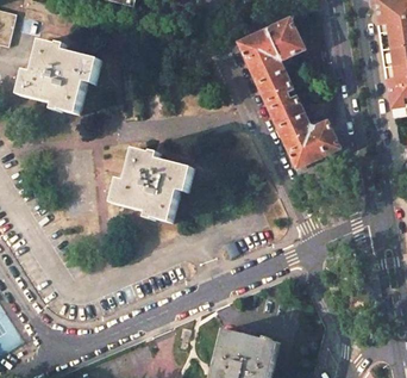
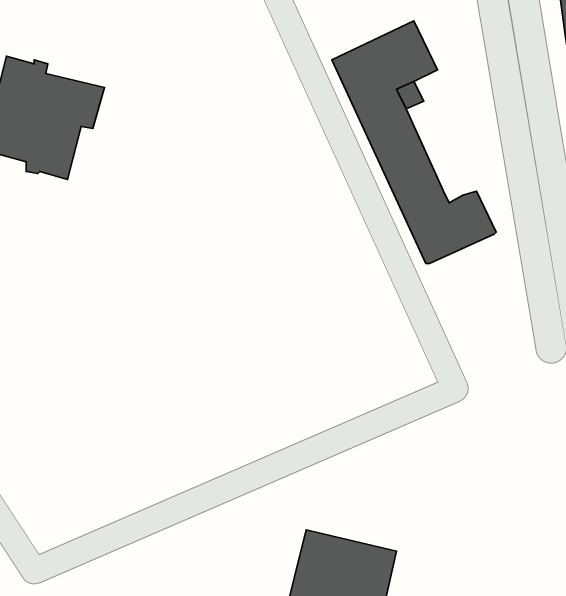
building: [113,149,194,223] -> none

